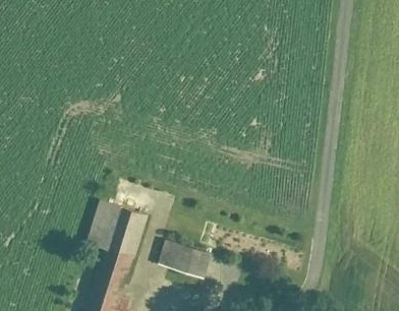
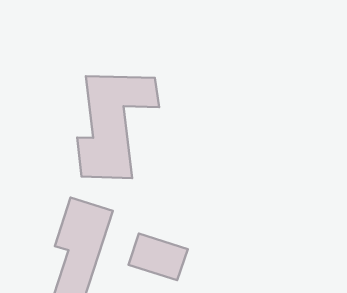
building: none -> [77,76,159,178]

